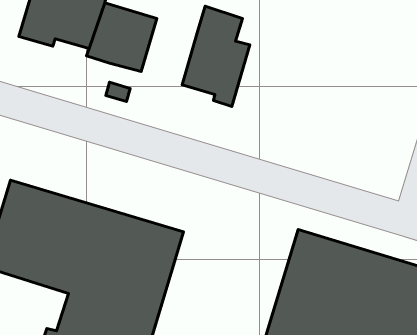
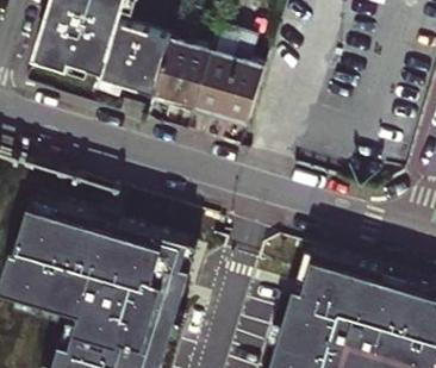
building: none -> [152,42,208,107]

